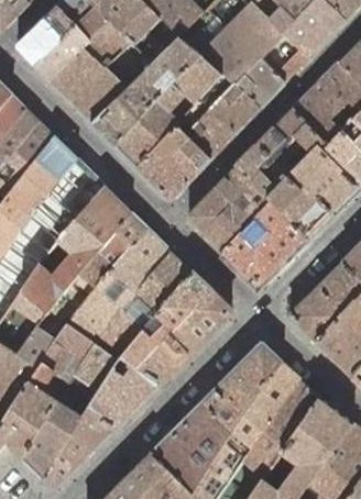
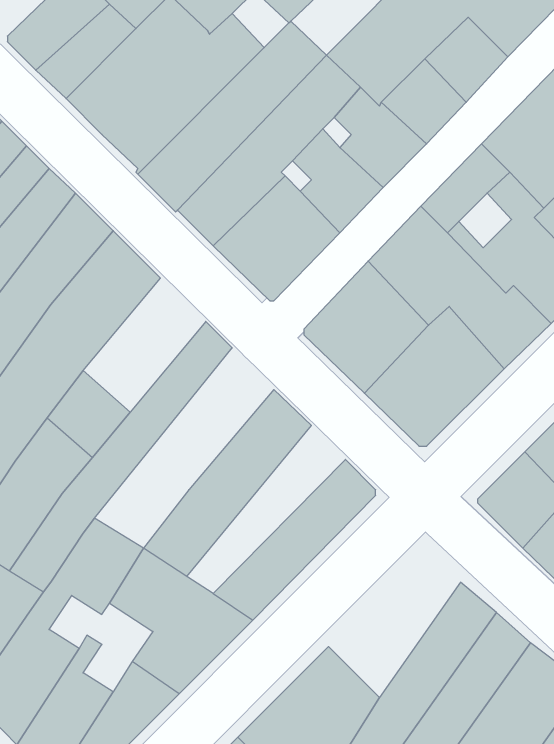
building: [61,186,132,264] -> none
building: [67,226,172,343] -> none
building: [121,271,214,369] -> none
building: [204,343,283,430] -> none

